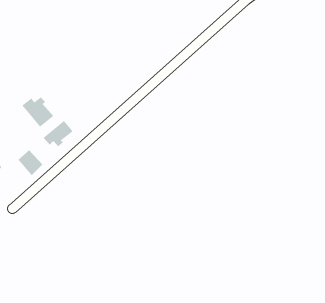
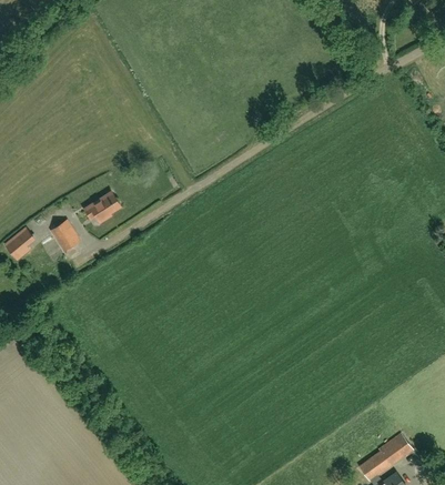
building: [21,96,54,128] -> none

